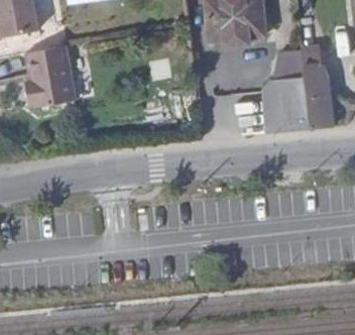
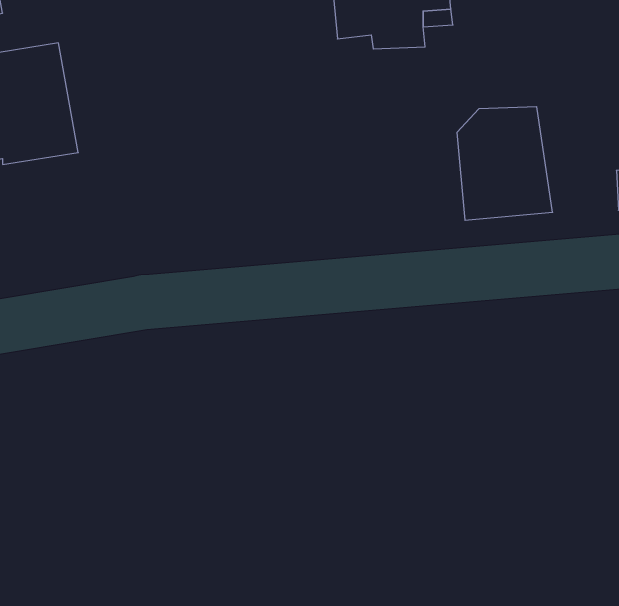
building: [305,50,337,128] -> none

